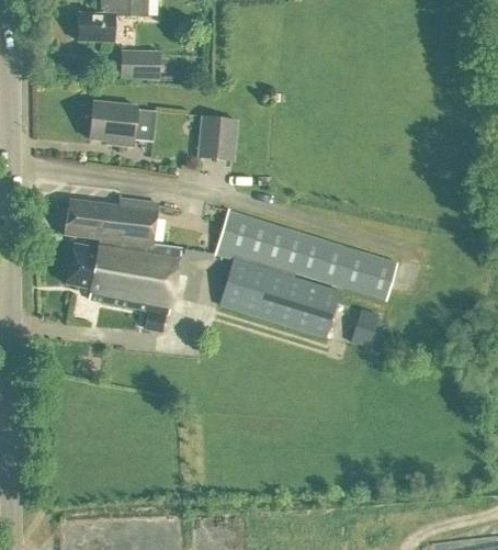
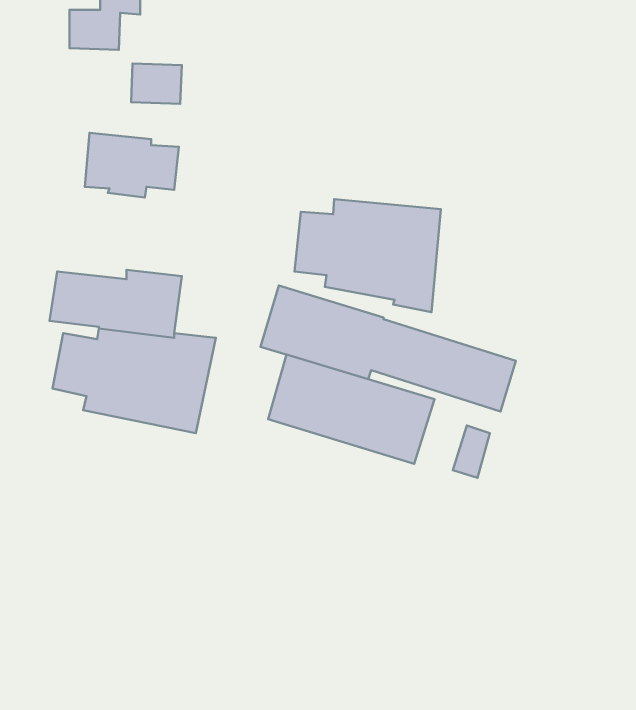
building: [197,115,236,159] -> none
building: none -> [295,199,441,312]

